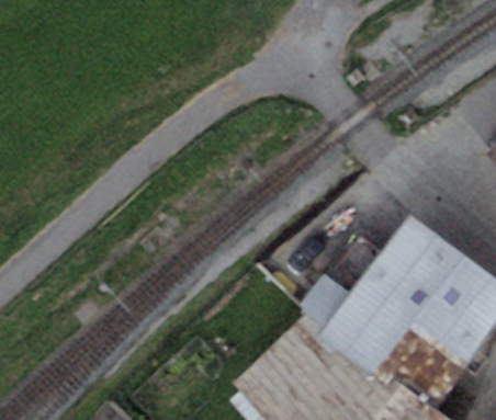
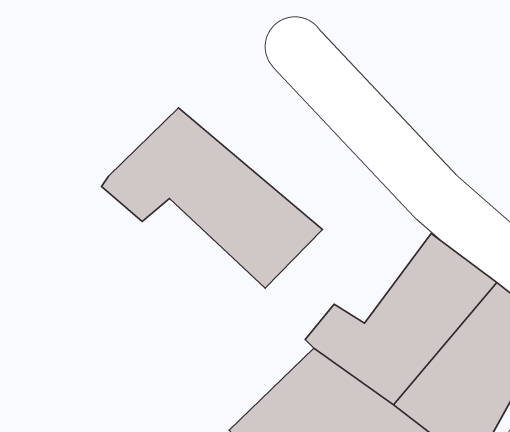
building: none -> [102,108,322,288]

